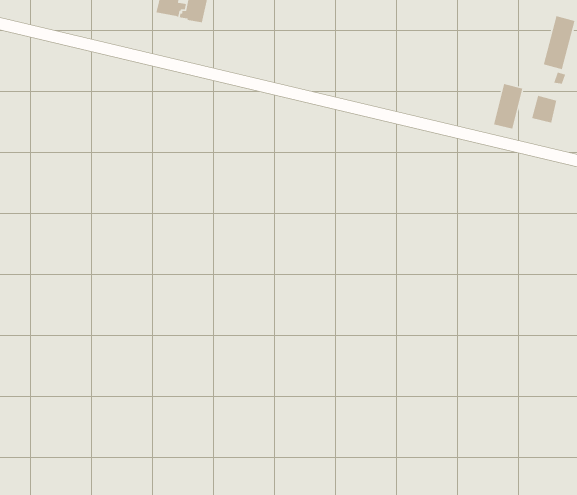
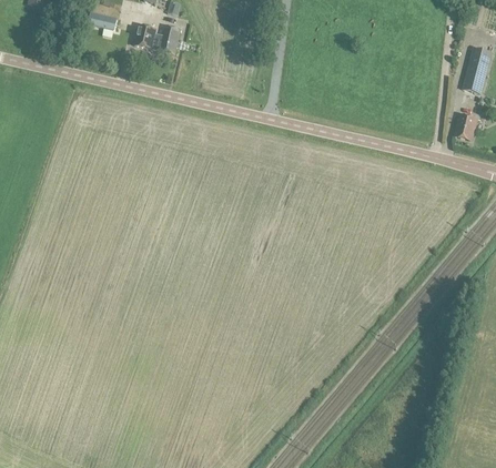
building: [493,83,523,130] -> none

